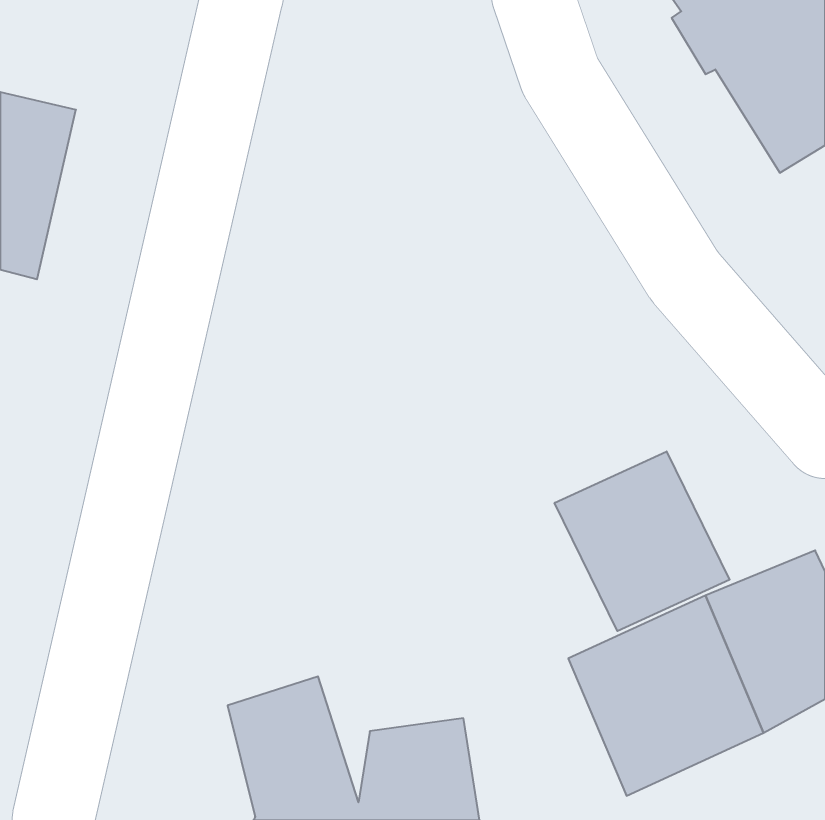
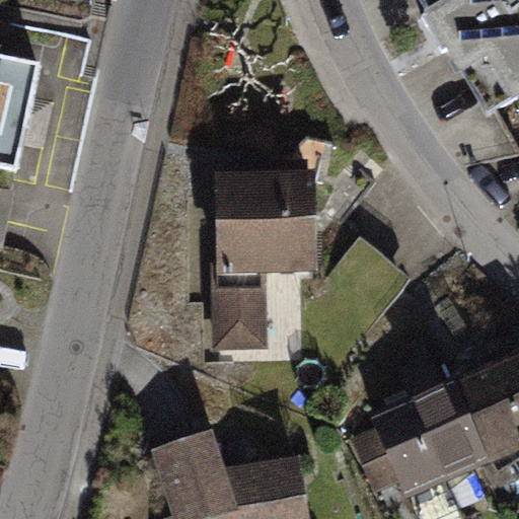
building: none -> [213,186,328,359]
building: [555,451,730,631] -> none

